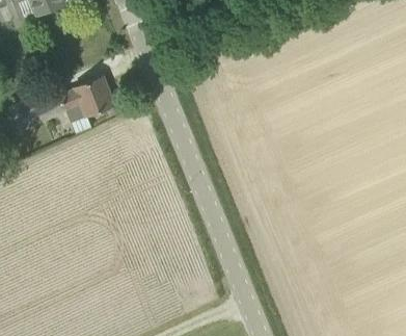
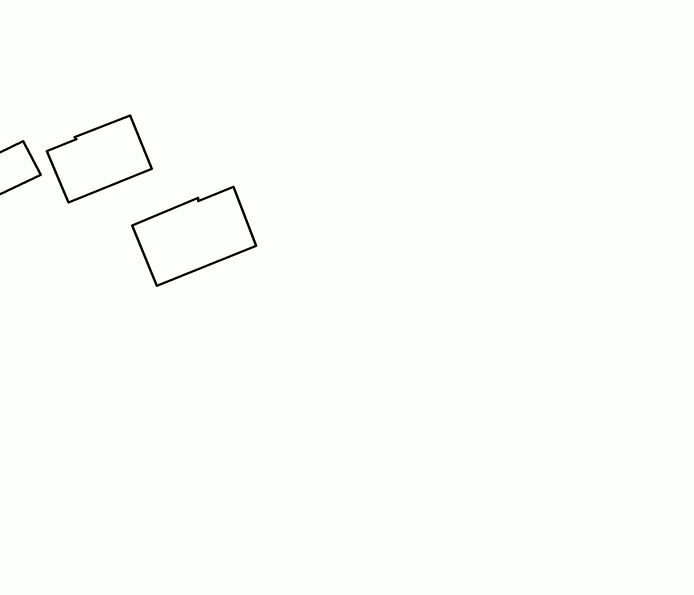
building: none -> [132,187,256,286]

